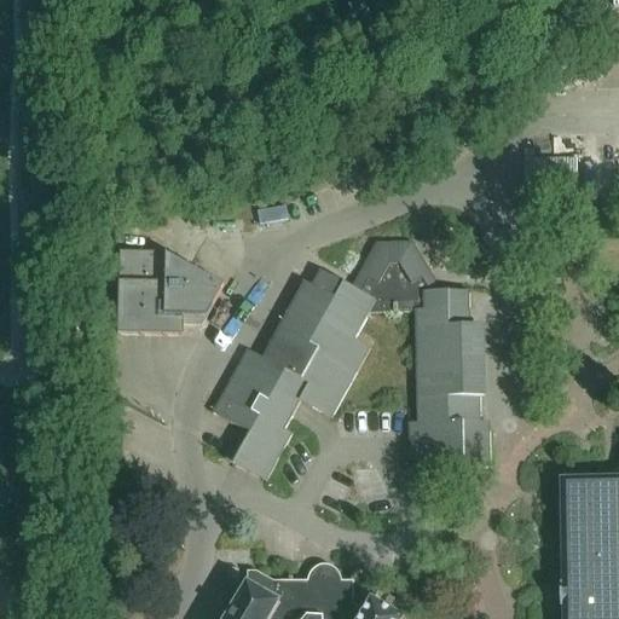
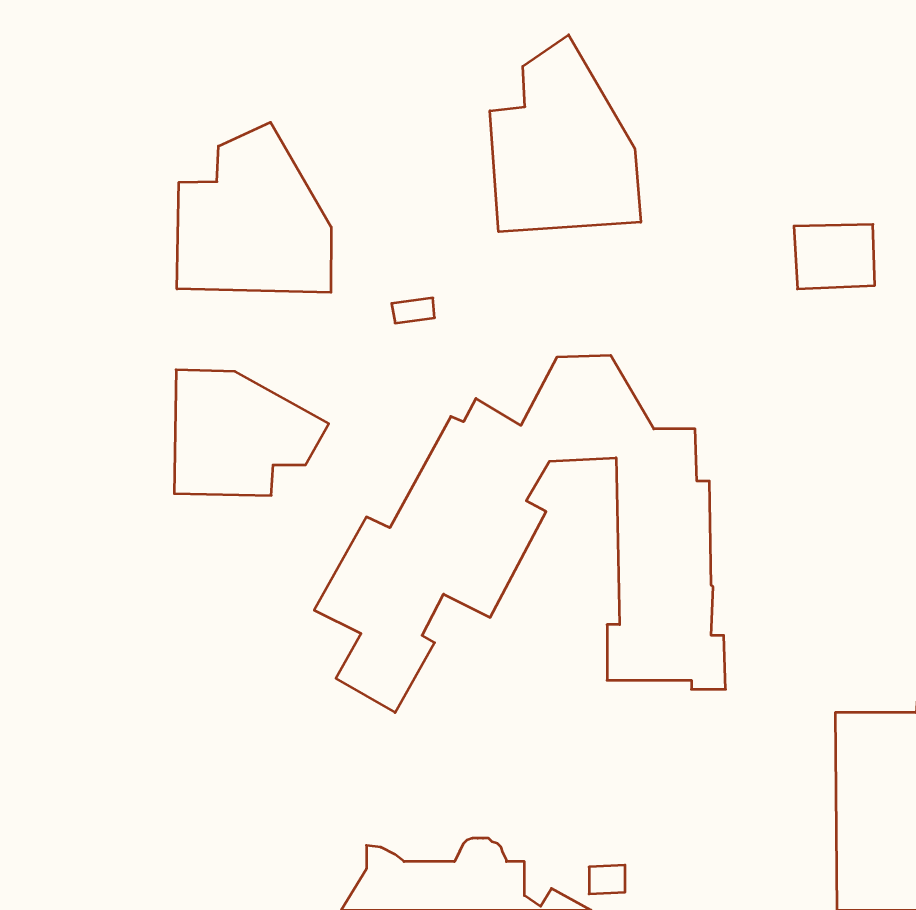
building: none -> [490,35,641,232]
building: none -> [177,122,331,292]

